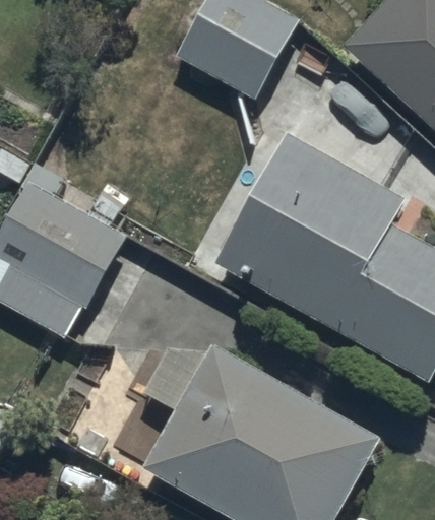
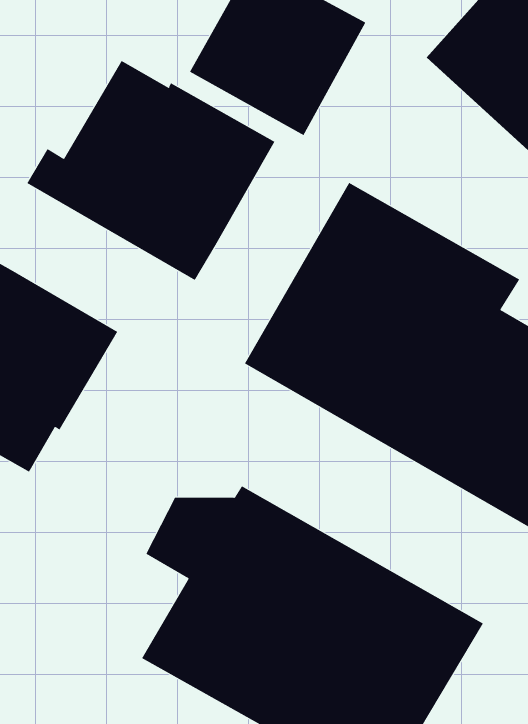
building: none -> [26,60,275,281]

